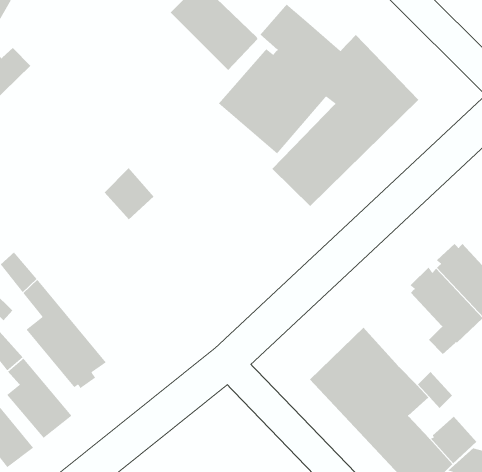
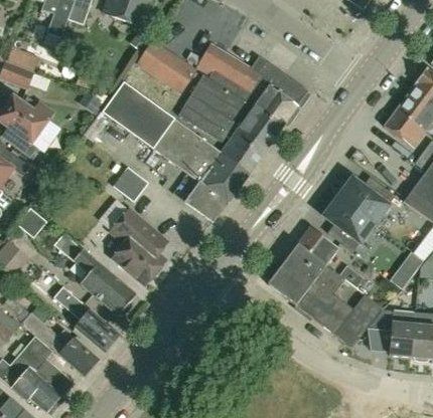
building: none -> [102,82,249,222]
building: none -> [110,210,166,284]
building: none -> [297,227,336,264]

